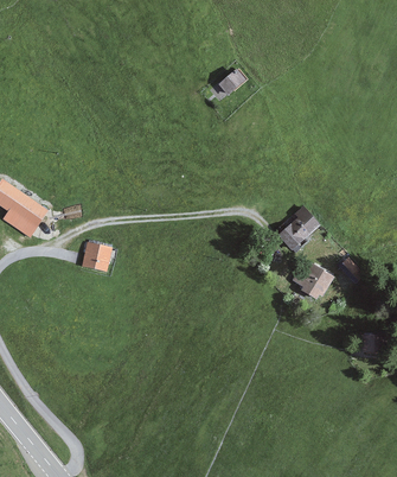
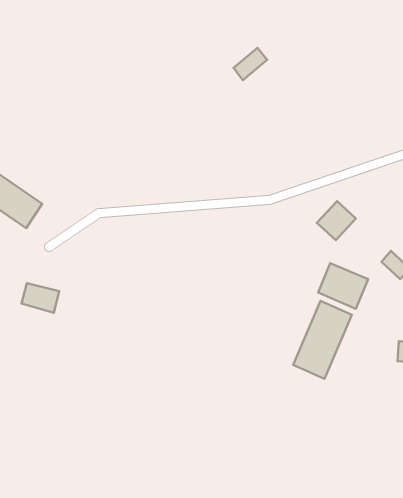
building: [82,241,115,267] -> [21,283,59,313]
building: none -> [293,301,352,379]

